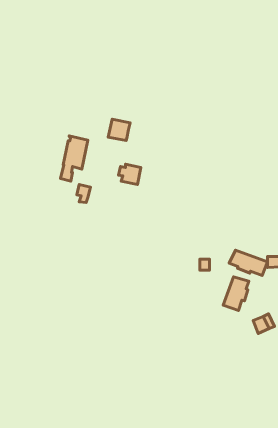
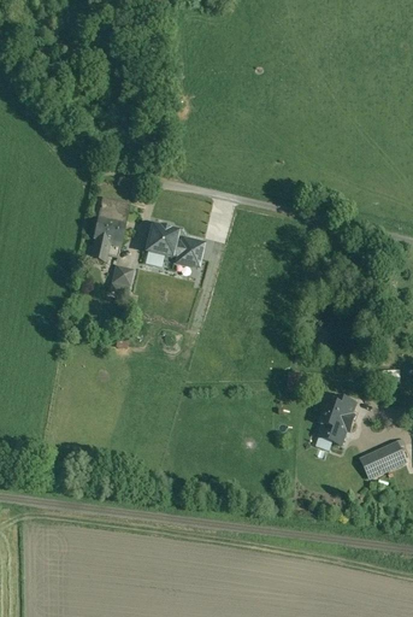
building: [108,119,130,141] -> [146,227,177,257]
building: [229,250,268,275] -> none

